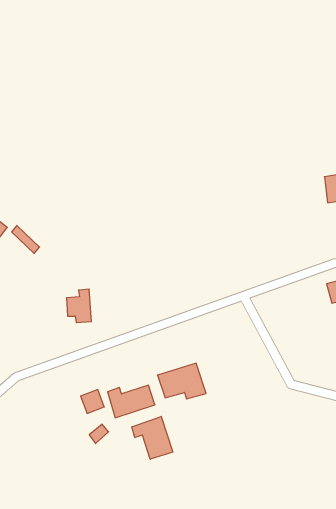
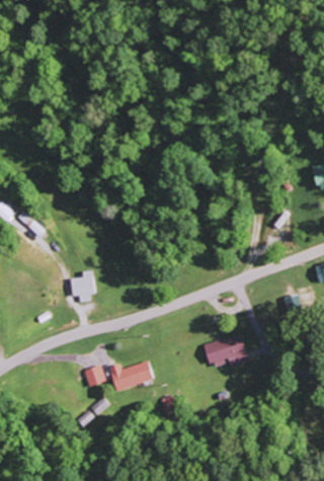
building: [157,363,206,399] -> [202,334,248,368]
building: [132,416,173,459] -> none

